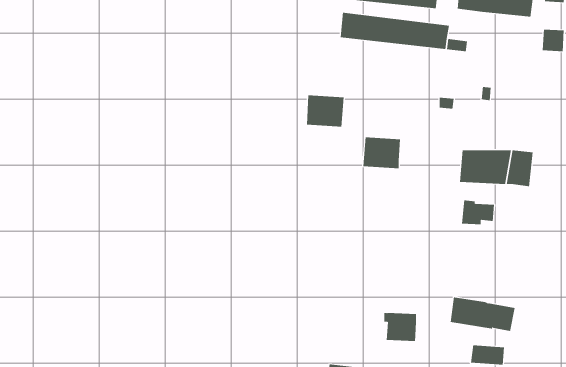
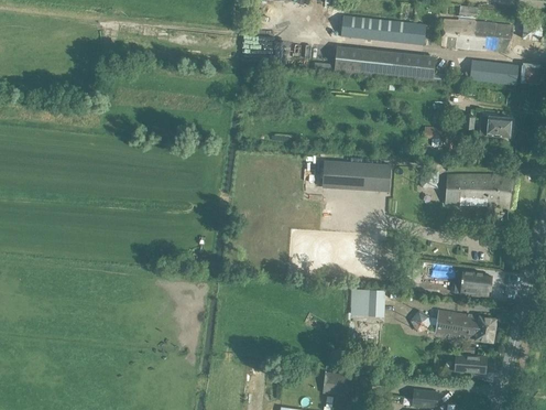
building: none -> [469,60,518,84]
building: none -> [478,115,511,138]
building: [306,95,344,127] -> [321,160,357,190]
building: [461,200,495,225] -> [460,271,491,294]
building: [383,313,417,341] -> [351,289,382,315]

